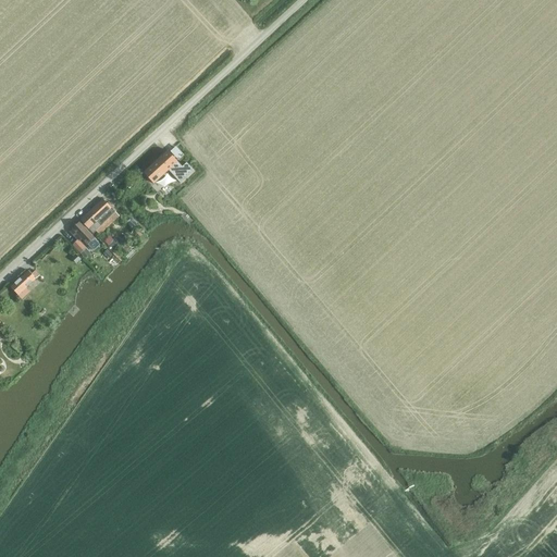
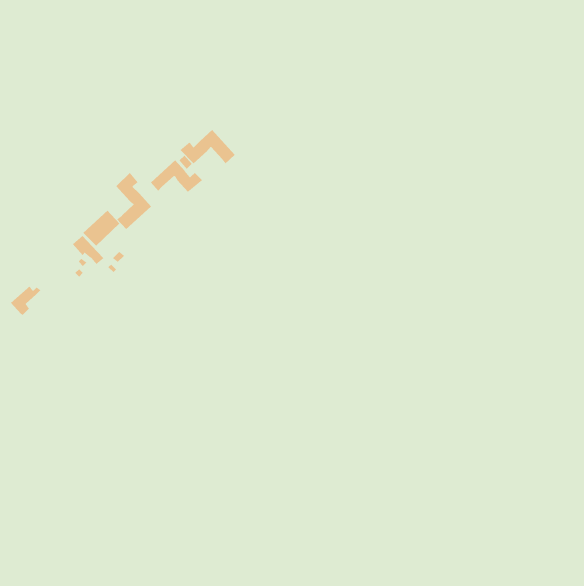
building: none -> [180,129,236,164]
building: none -> [116,172,152,230]

